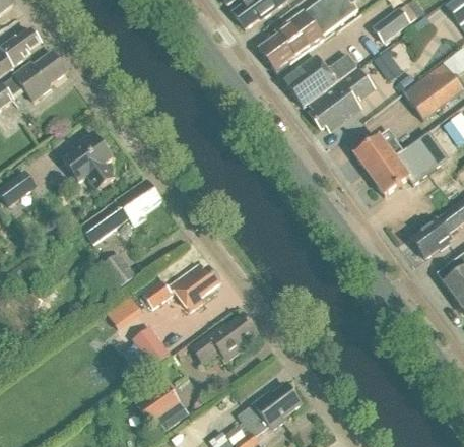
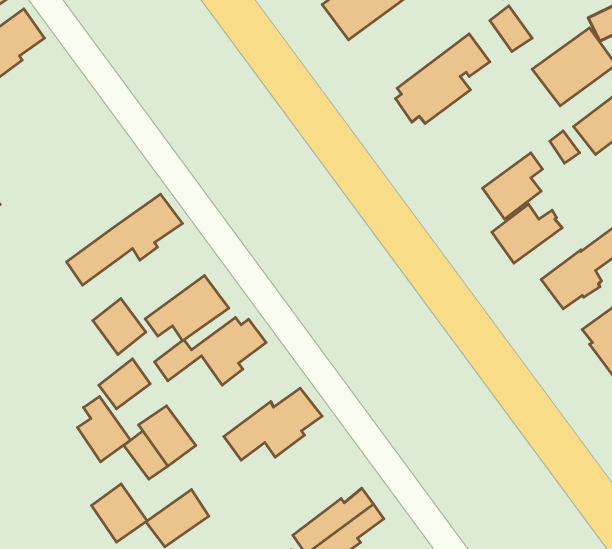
building: [285,53,357,106] -> none
building: [63,131,115,189] -> none
building: [354,134,403,175] -> [492,204,562,263]
building: none -> [145,276,229,341]
building: none -> [77,396,130,462]
building: none -> [91,484,147,542]

